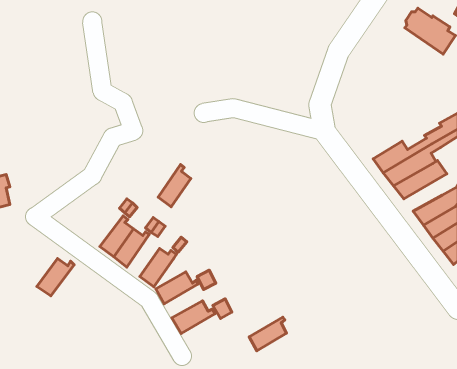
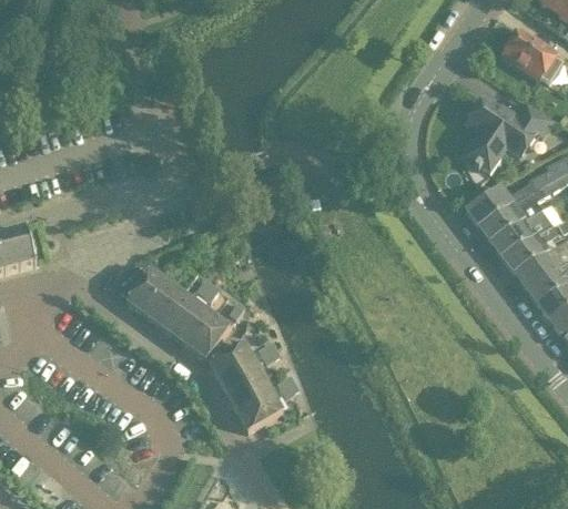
building: none -> [467,95,555,172]
building: [158,165,191,207] -> [174,297,213,347]
building: none -> [503,225,558,269]
building: [37,258,74,296] -> [125,267,170,312]
building: none -> [219,356,264,396]
building: [249,317,287,351] -> [239,391,283,431]

